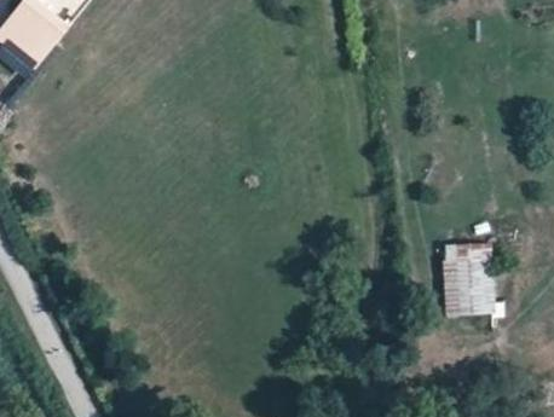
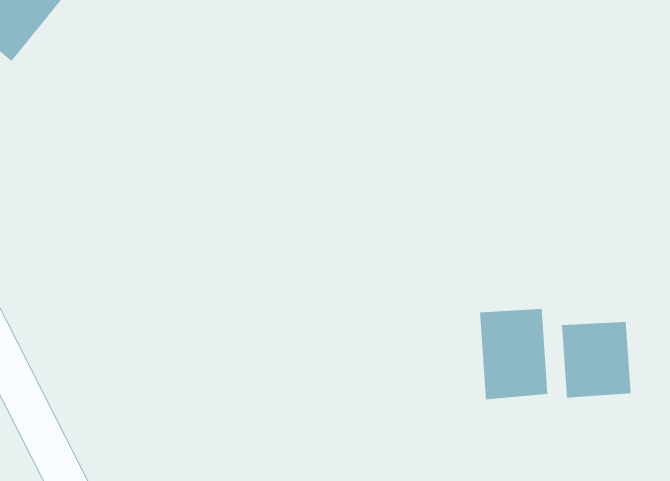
building: none -> [480,308,548,400]

